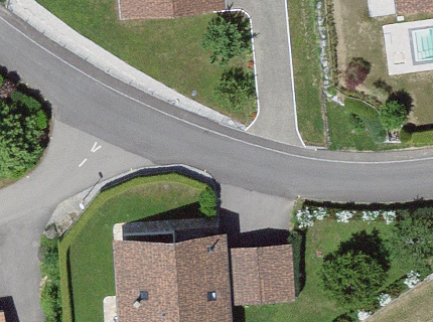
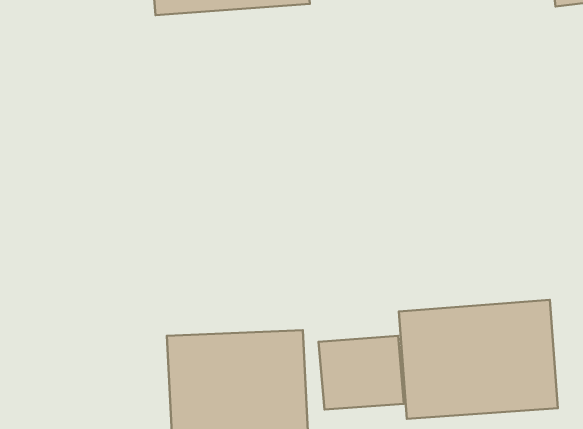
building: none -> [399,300,558,419]

